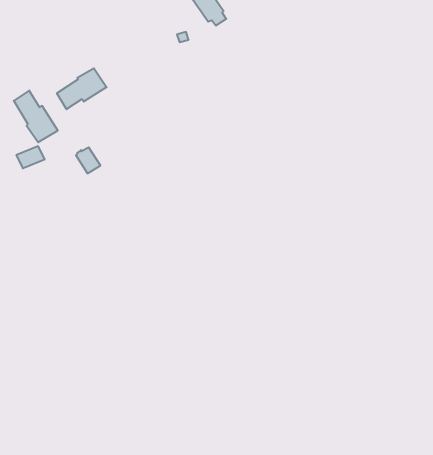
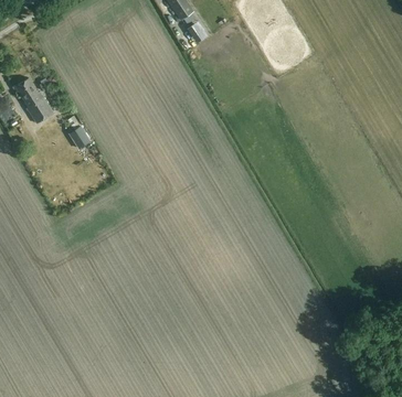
building: [57,68,107,109] -> none

